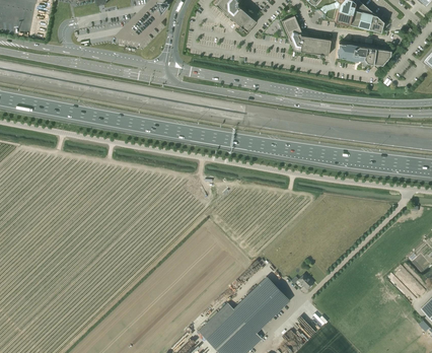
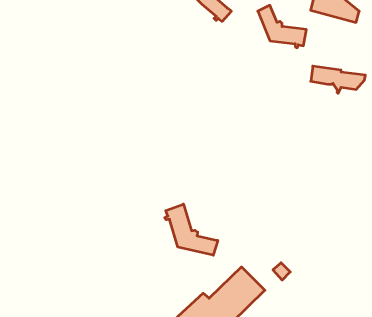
building: [337,42,391,69] -> [311,66,365,93]
building: none -> [165,204,218,255]

